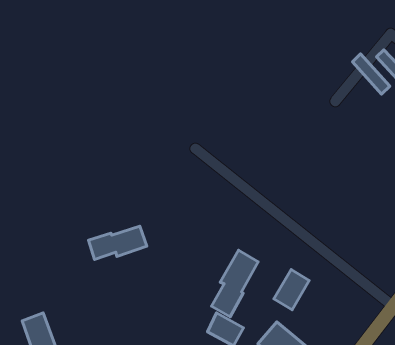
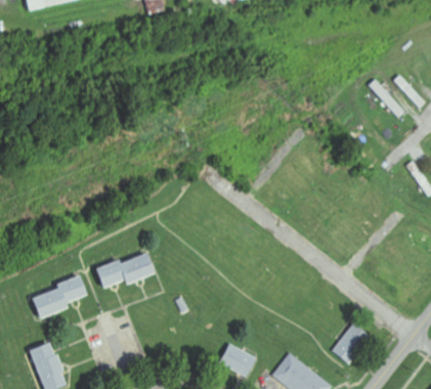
building: none -> [34,276,88,317]
building: [211,250,258,317] -> none
building: [274,269,309,310] -> [332,322,368,363]

